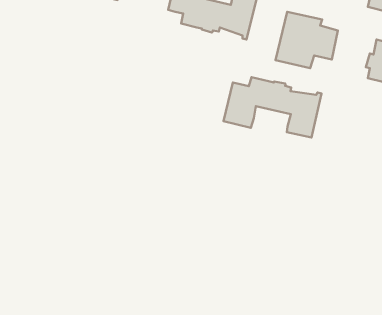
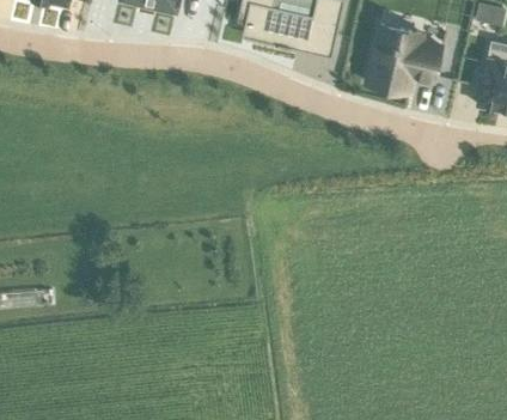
building: [223,77,322,138] -> none

